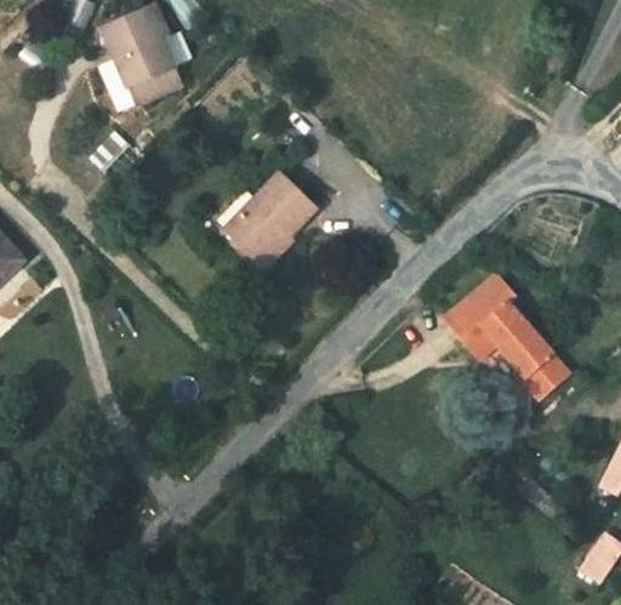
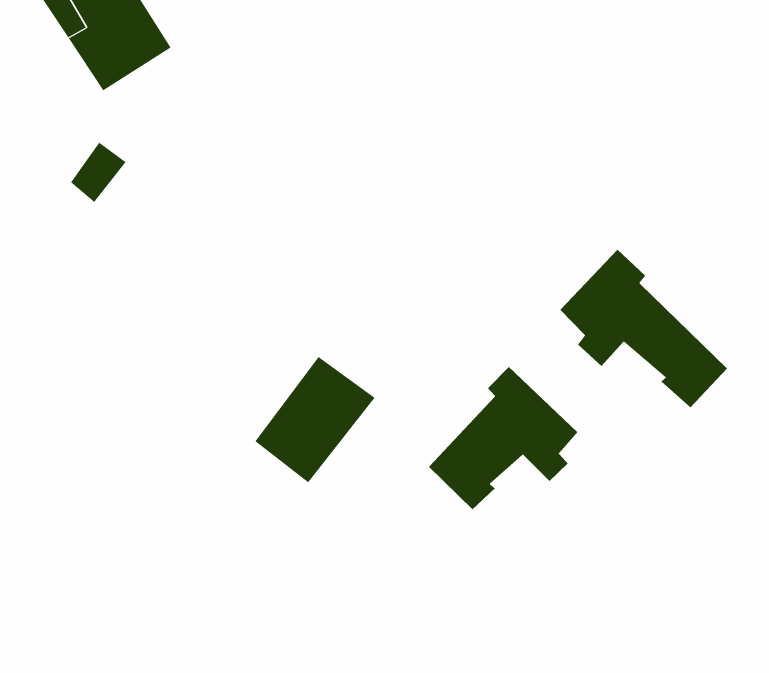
building: [226,178,317,269] -> [255,356,375,483]
building: none -> [428,366,578,510]

